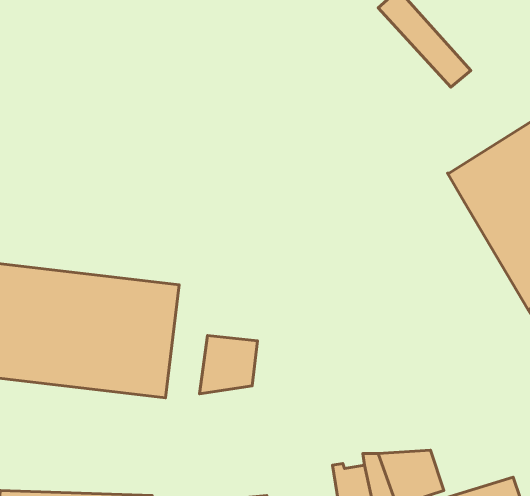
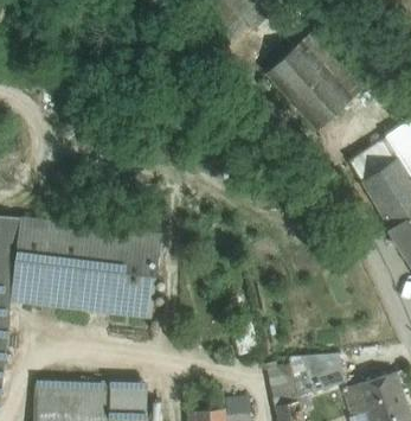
building: none -> [266,43,352,130]
building: [199,336,257,394] -> none

